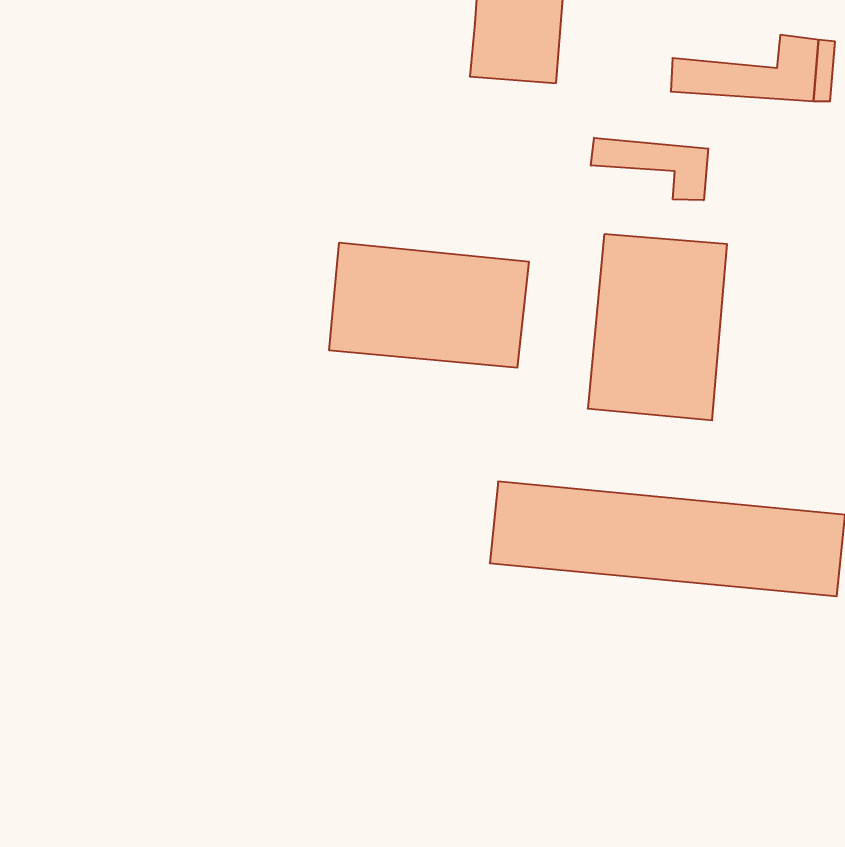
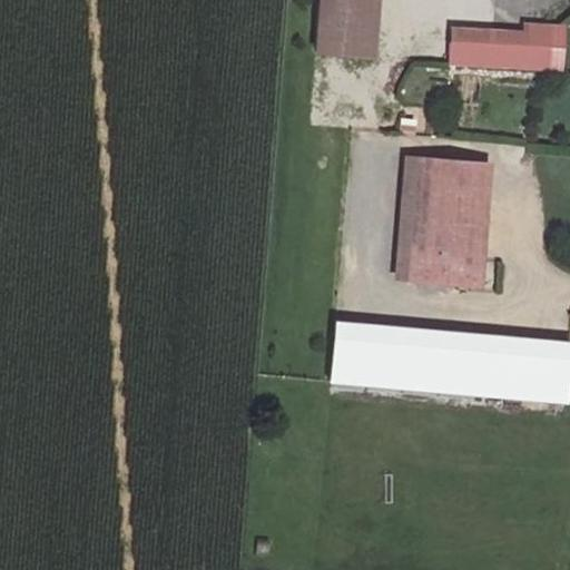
building: [591,138,708,200] -> none
building: [329,243,529,368] -> none

